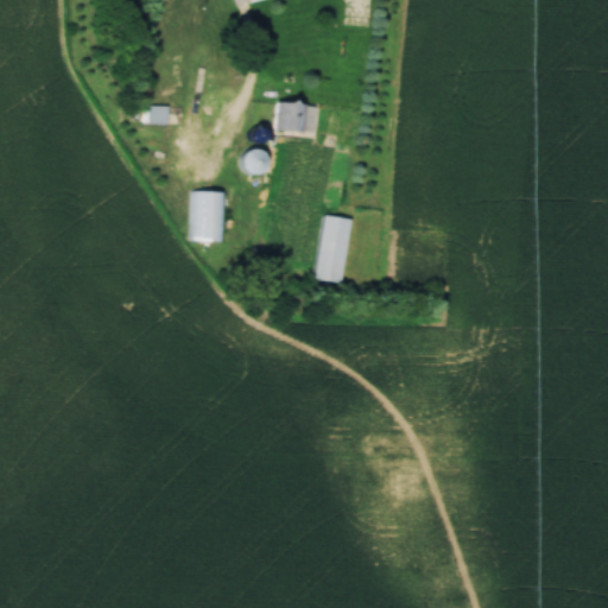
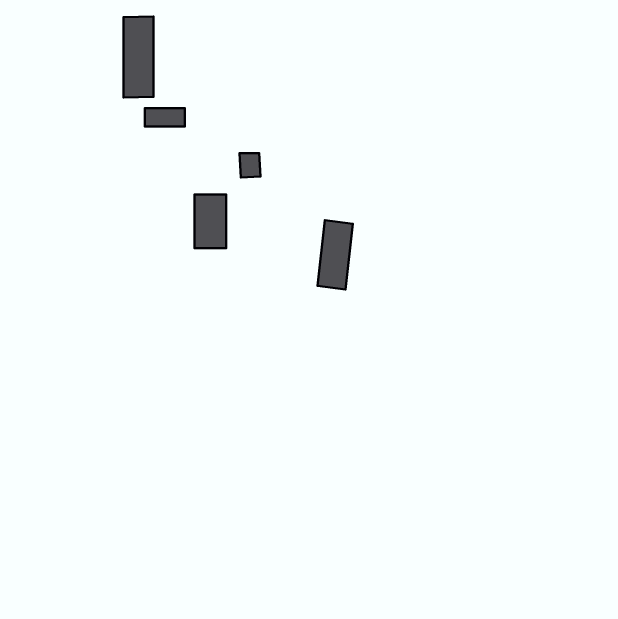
building: none -> [124,17,154,98]
building: [278,104,315,132] -> none

